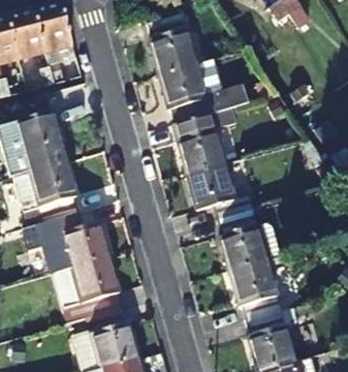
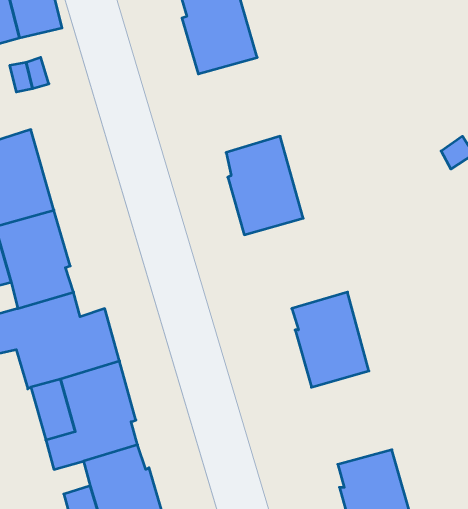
building: [160,62,250,127] -> none
building: [189,168,254,225] -> none
building: [231,265,282,323] -> none

